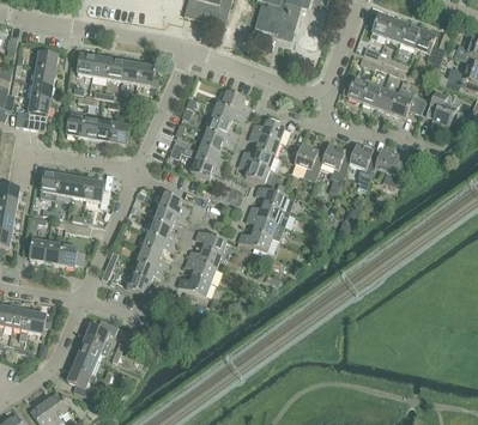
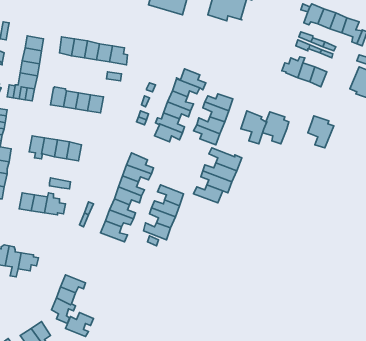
building: [389,86,425,116] -> none
building: [349,141,379,190] -> none
building: [84,317,117,346] -> [65,312,93,336]

